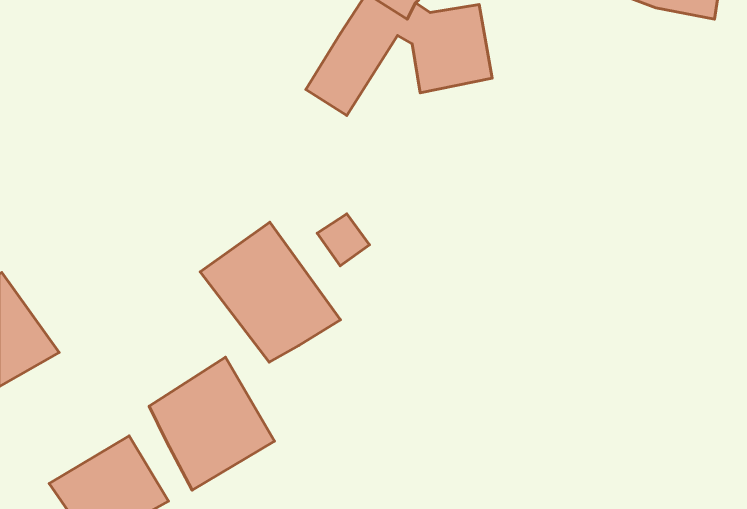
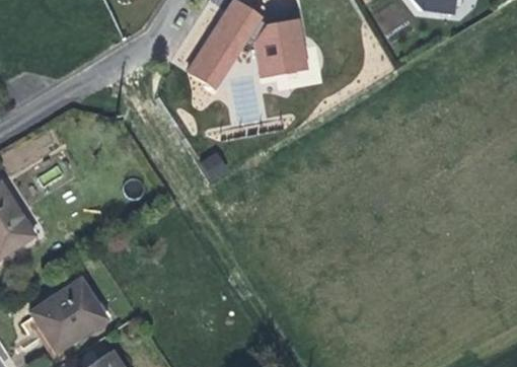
building: [200,222,340,362] -> none
building: [149,357,275,490] -> none

